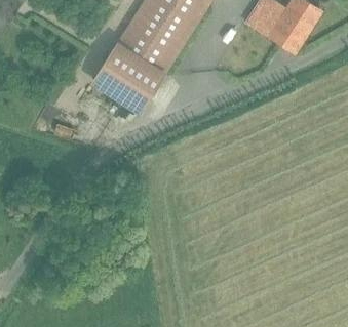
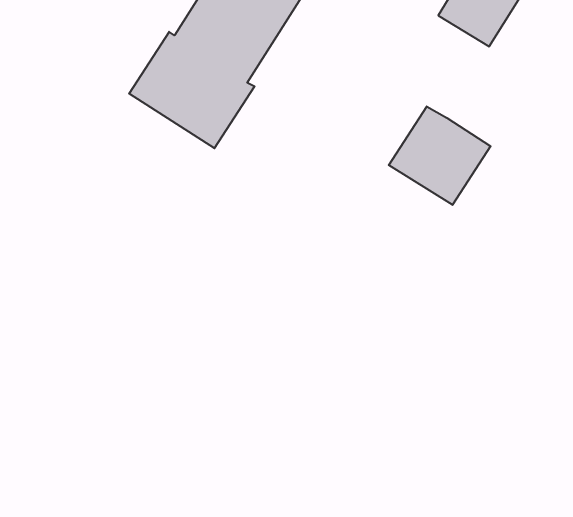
building: none -> [389,106,491,205]

